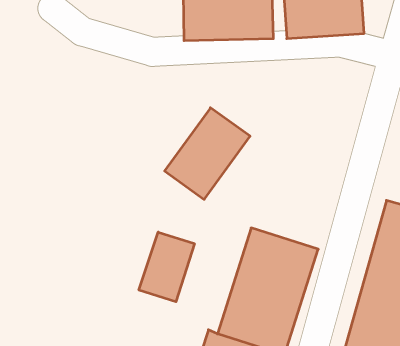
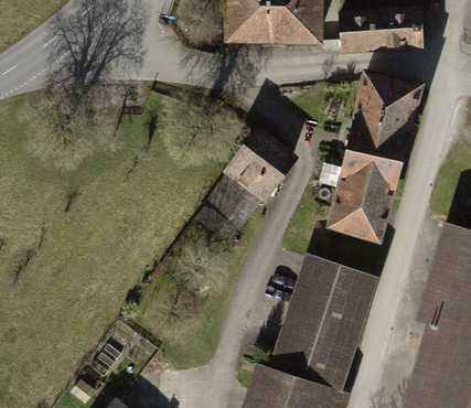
building: none -> [332,65,424,233]
building: [139,232,194,302] -> none

